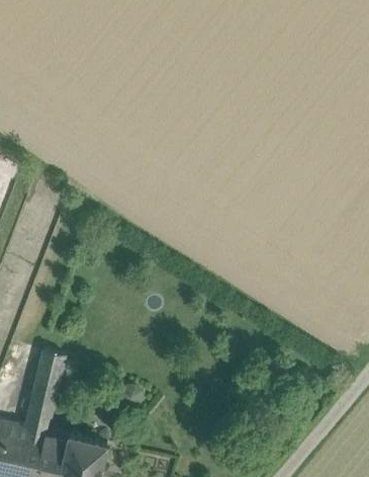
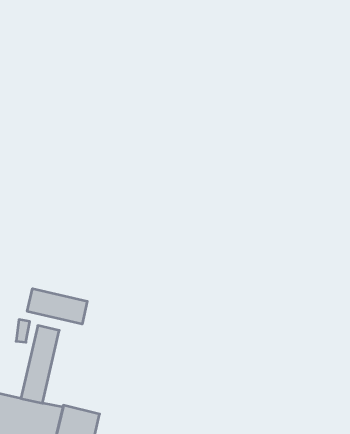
building: none -> [27,289,87,324]

